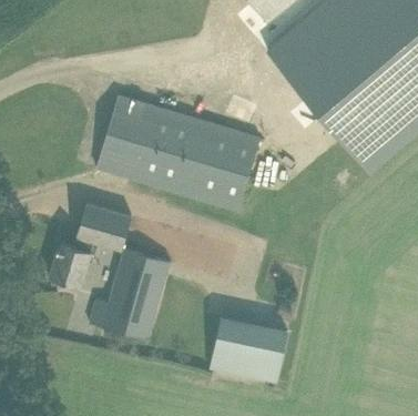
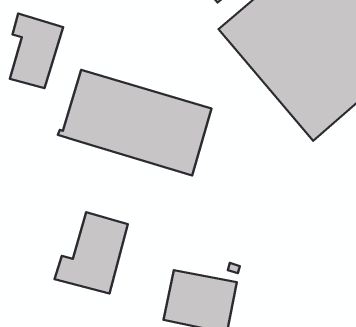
building: none -> [10,13,63,88]
building: [50,202,133,286] -> none

